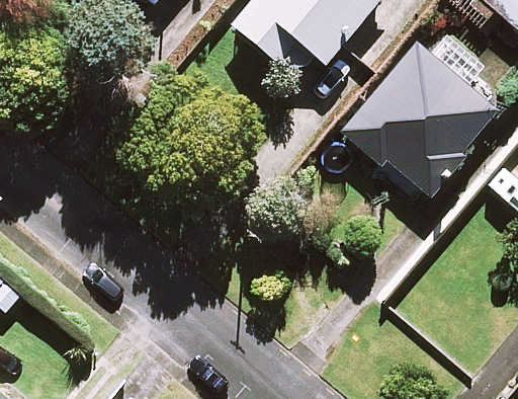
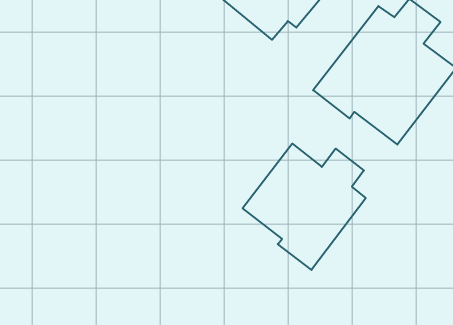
building: none -> [243,144,366,270]

